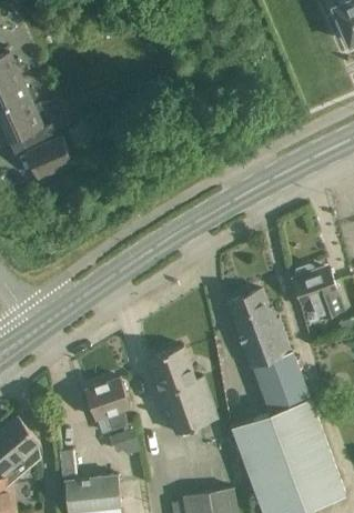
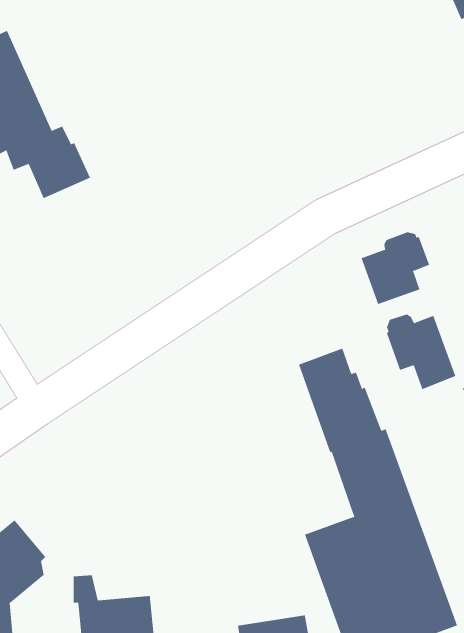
building: none -> [361,231,430,305]
building: [150,348,219,434] -> none
building: [87,379,141,457] -> none

